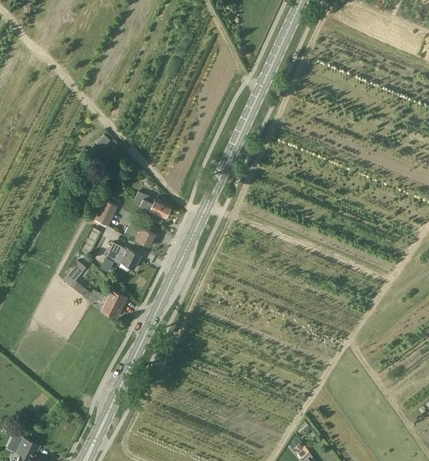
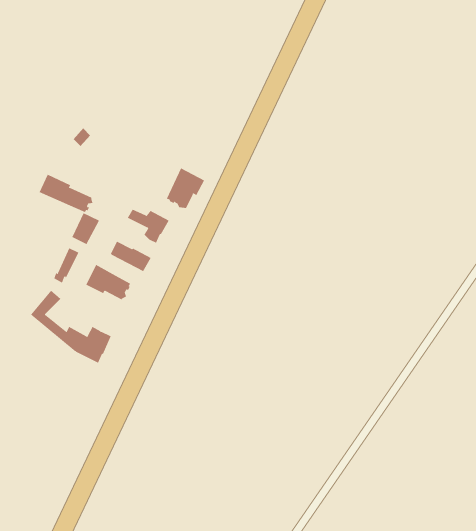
building: none -> [166,167,205,209]
building: none -> [39,174,93,213]

